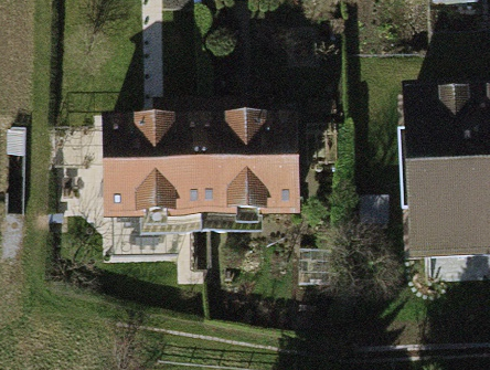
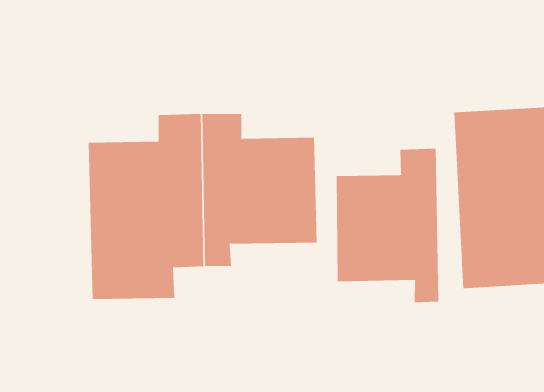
building: none -> [336,148,439,303]

